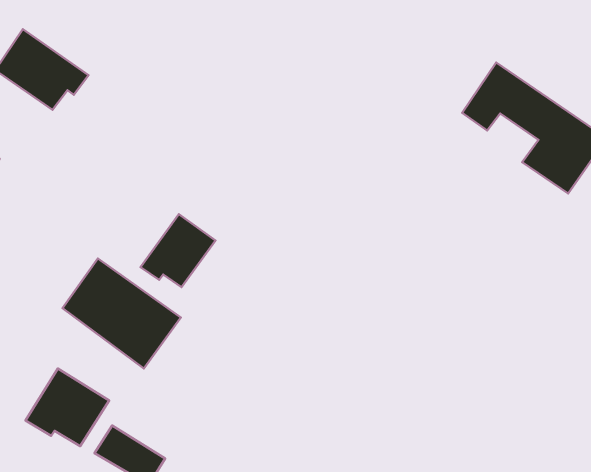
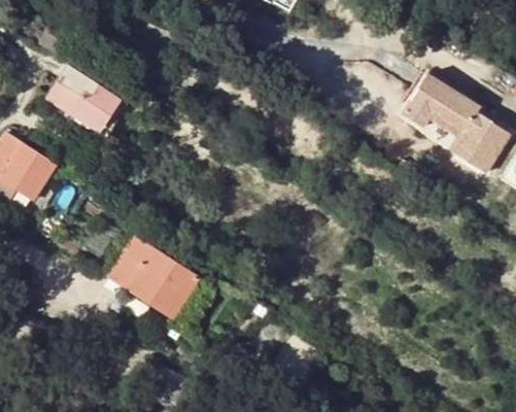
building: [141,214,215,287] -> none
building: [25,369,109,446] -> none

